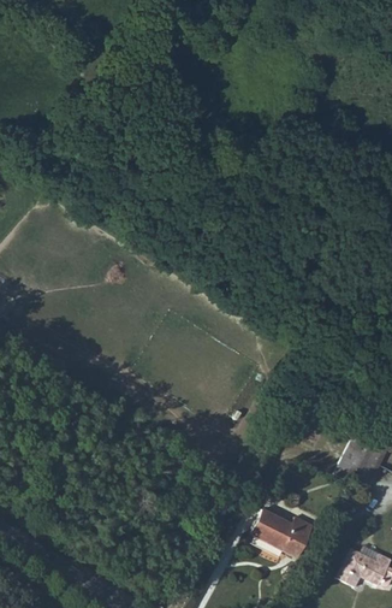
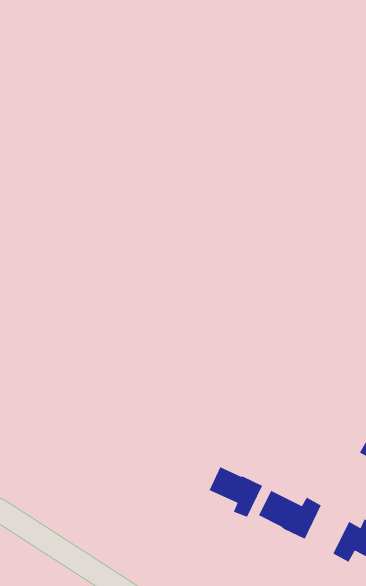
building: none -> [209,466,263,518]

